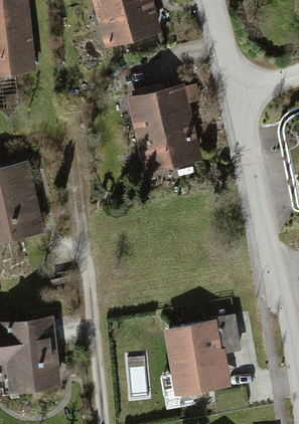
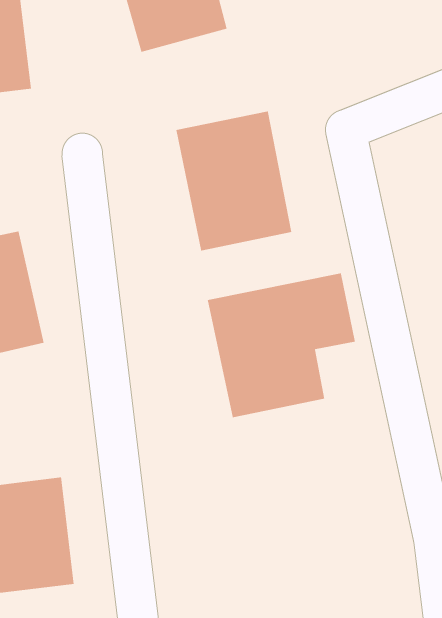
building: none -> [207,272,355,418]
building: [164,320,232,395] -> none

